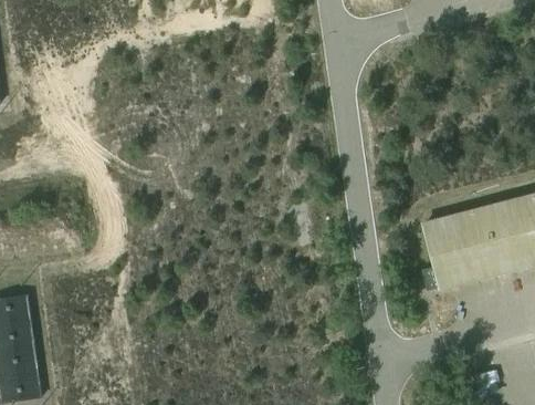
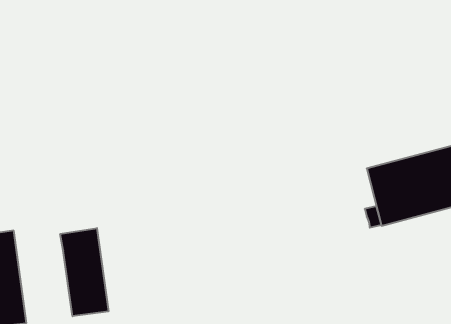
building: none -> [60,228,108,316]

